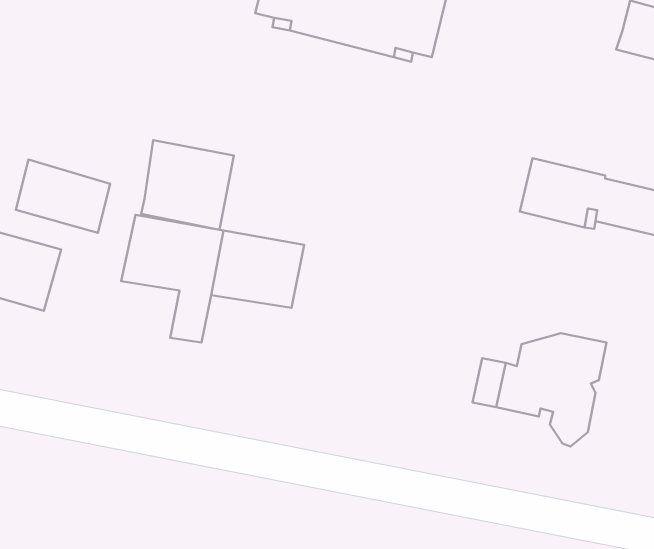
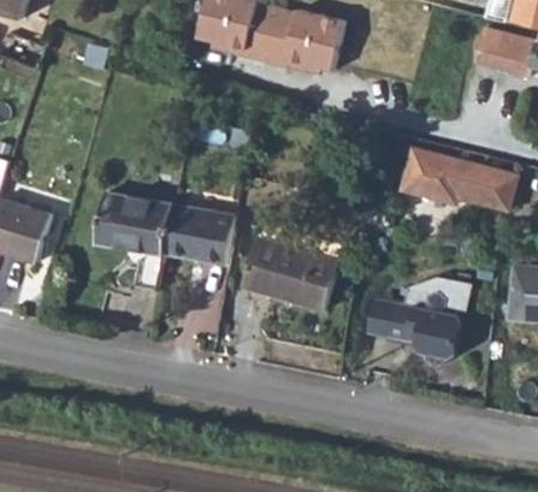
building: [141,140,234,230] -> none
building: [16,160,110,233] -> none
building: none -> [246,221,333,302]

